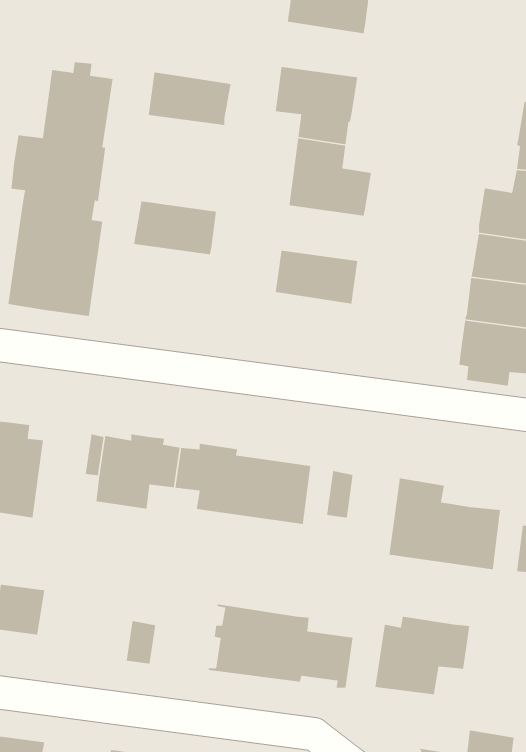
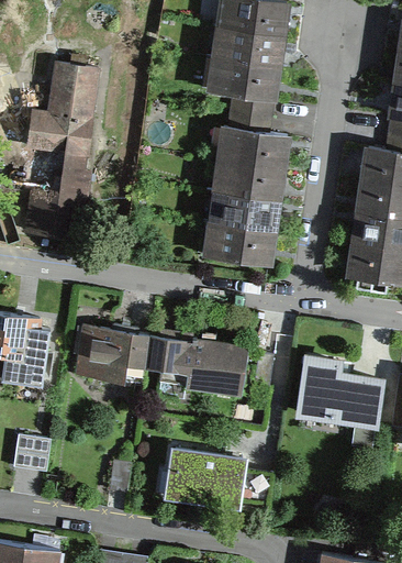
building: [148,71,231,126] -> [221,27,281,67]
building: [133,201,217,255] -> [221,161,281,200]
building: none -> [212,223,272,264]
building: [374,616,470,695] -> none

